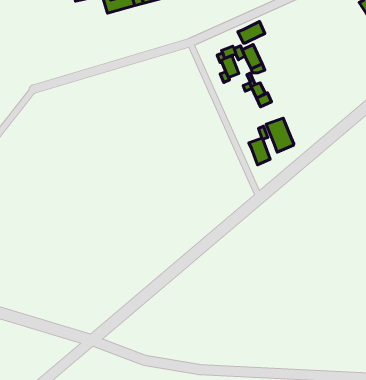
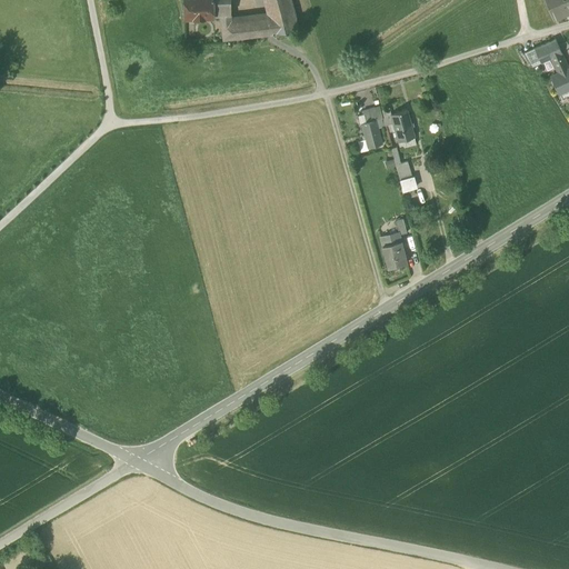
building: [238,22,265,43] -> none
building: [266,118,294,152] -> none

